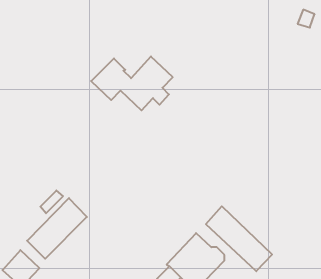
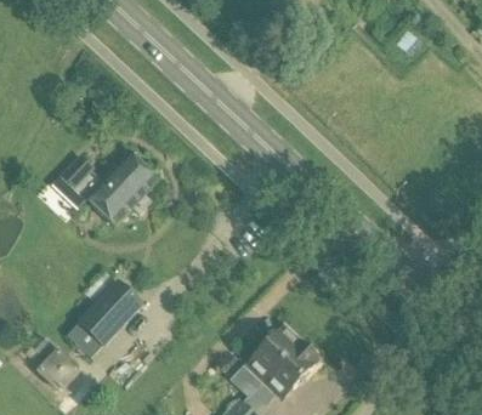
building: [91,56,173,110] -> [51,153,155,222]
building: [206,206,272,271] -> none

